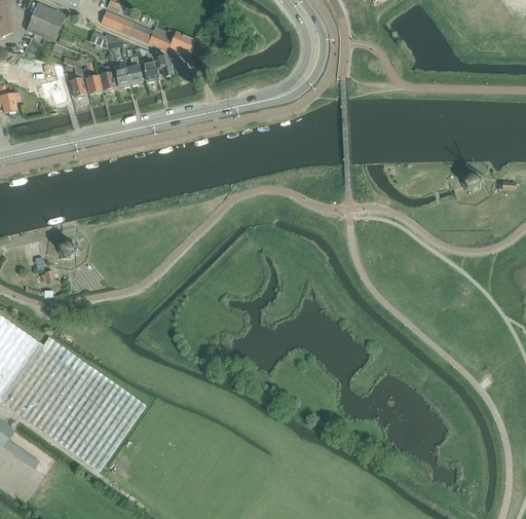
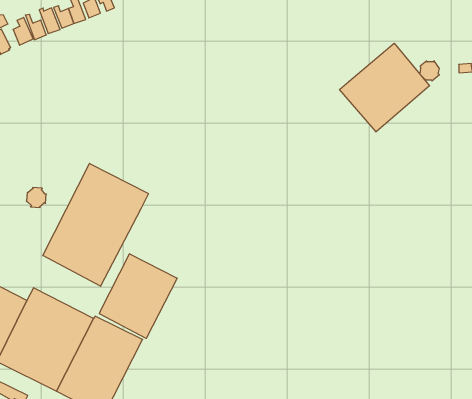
building: none -> [340,43,430,132]
building: none -> [43,163,148,286]
building: none -> [100,254,177,338]

